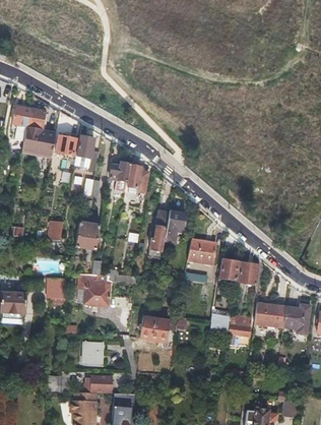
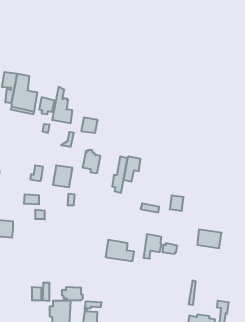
building: [126,166,148,194] -> [83,150,100,173]
building: [188,240,215,265] -> none
building: [239,262,259,286] -> none
building: [80,275,109,305] -> none
building: [282,305,309,335] -> none
building: [229,315,251,346] -> [143,234,161,259]
building: [82,344,103,364] -> none

